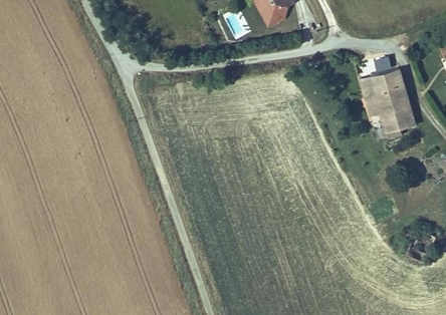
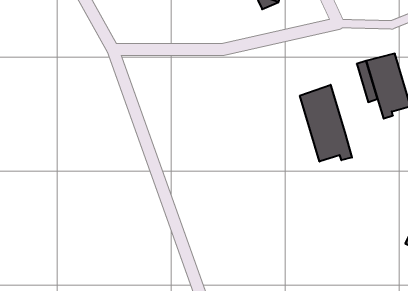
building: none -> [300,85,352,162]

